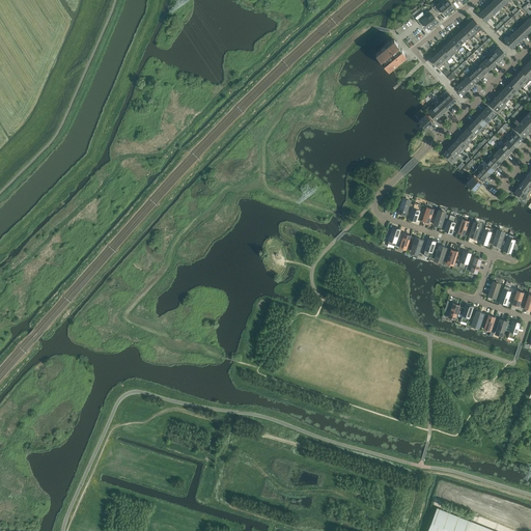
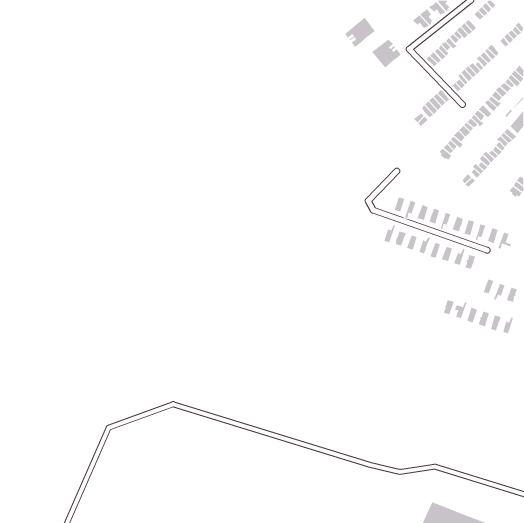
building: none -> [345,16,376,48]

